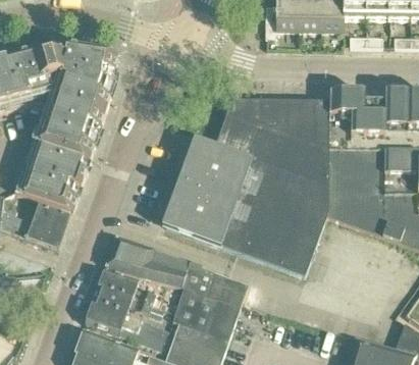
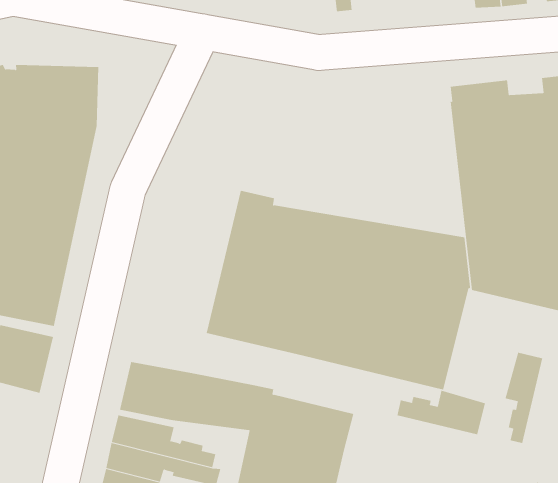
building: [213,100,327,185] -> none
building: none -> [505,352,543,444]
building: none -> [397,390,485,435]

